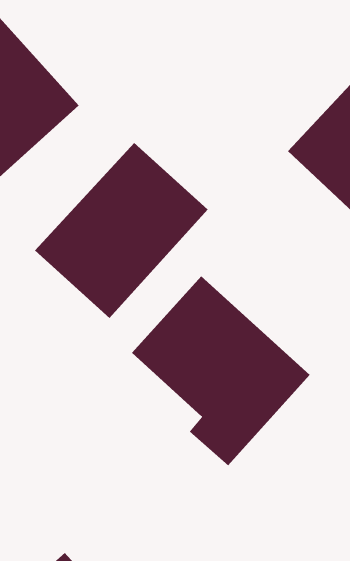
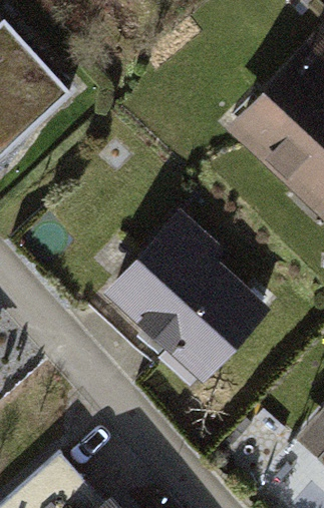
building: [34,142,208,319] -> none

